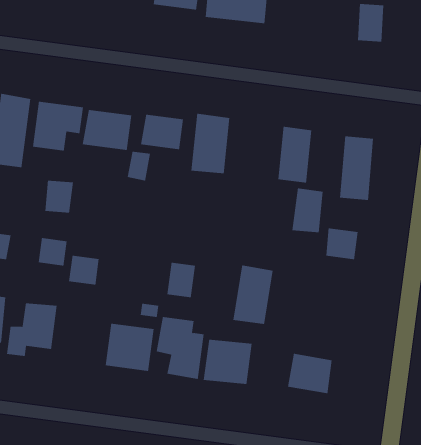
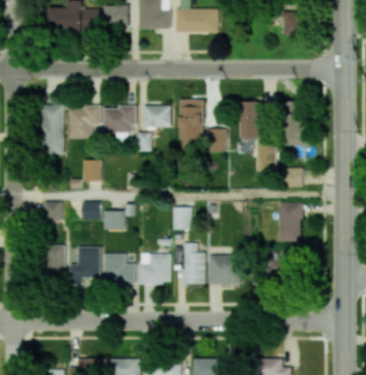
building: none -> [204,128,225,152]
building: [233,265,274,325] -> [278,202,302,241]
building: none -> [103,254,134,283]

